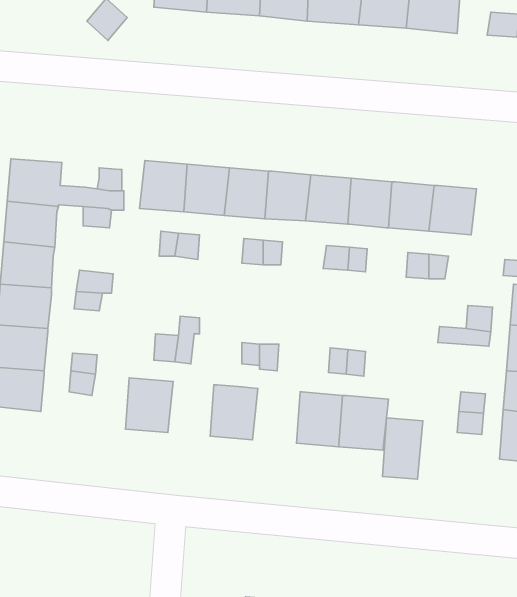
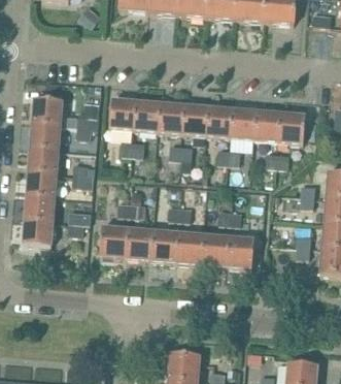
building: none -> [125,229,151,261]
building: none -> [174,233,202,265]
building: [383,418,423,479] -> none

